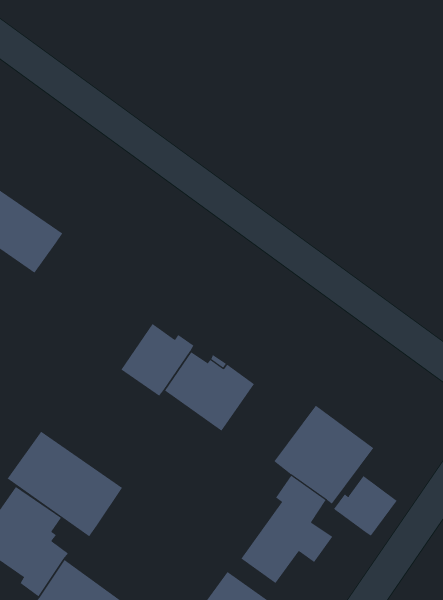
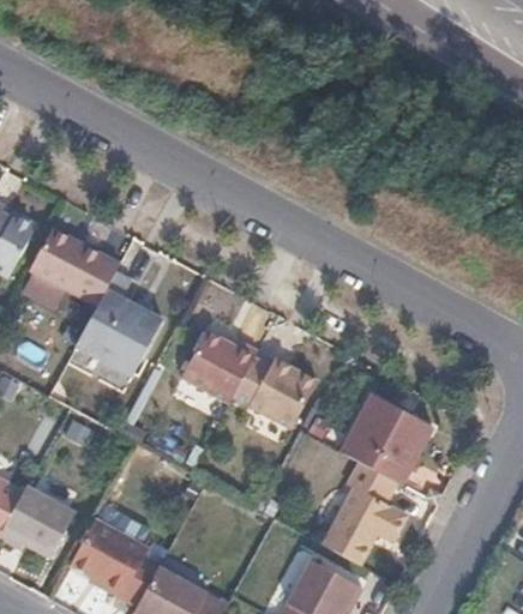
building: none -> [74,272,160,377]
building: [7,431,123,537] -> none
building: [333,475,398,537] -> none

